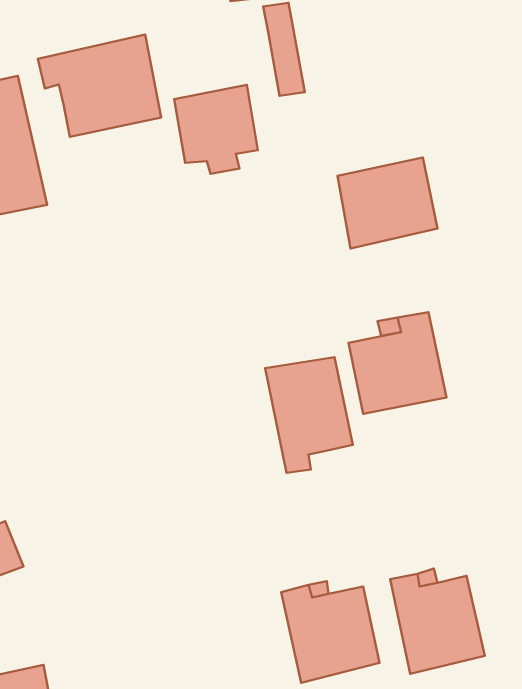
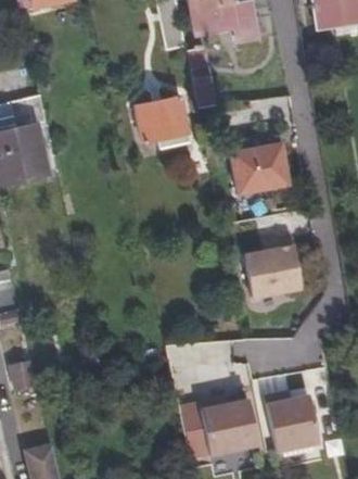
building: [38,34,161,137] -> none
building: [265,357,353,473] -> none

